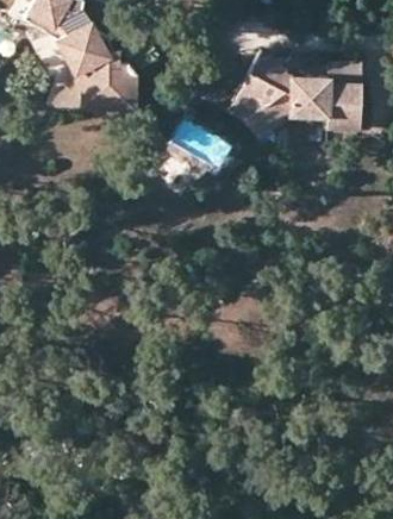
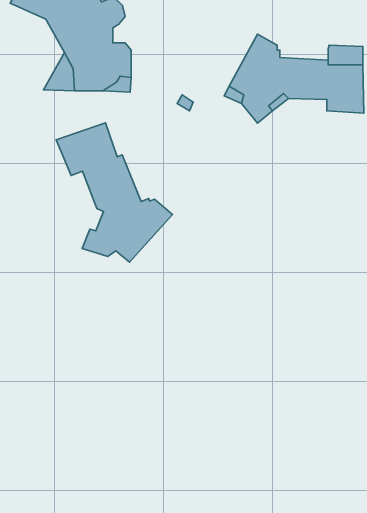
building: none -> [56,123,173,262]

